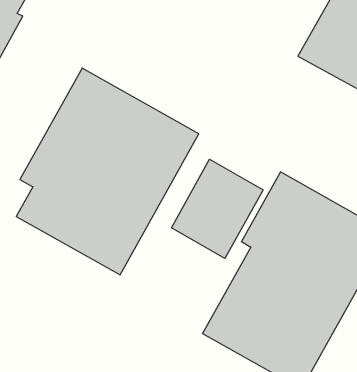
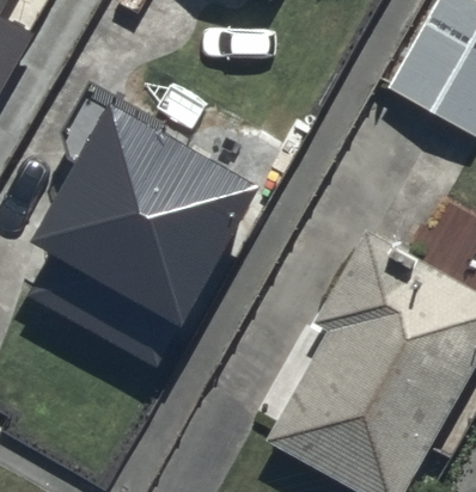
building: [171,159,263,258] -> none

